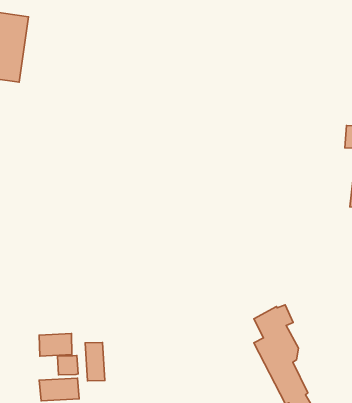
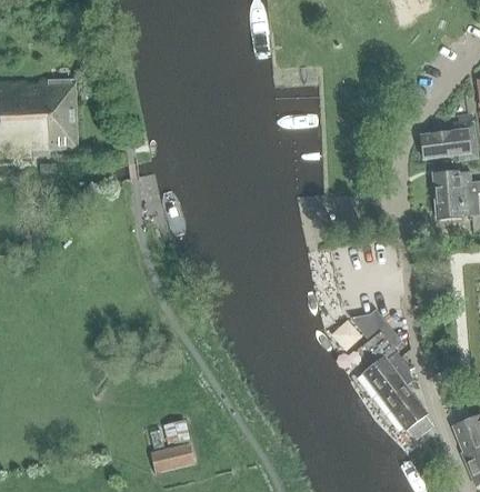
building: [39,334,72,356] -> none
building: [85,343,105,381] -> none

